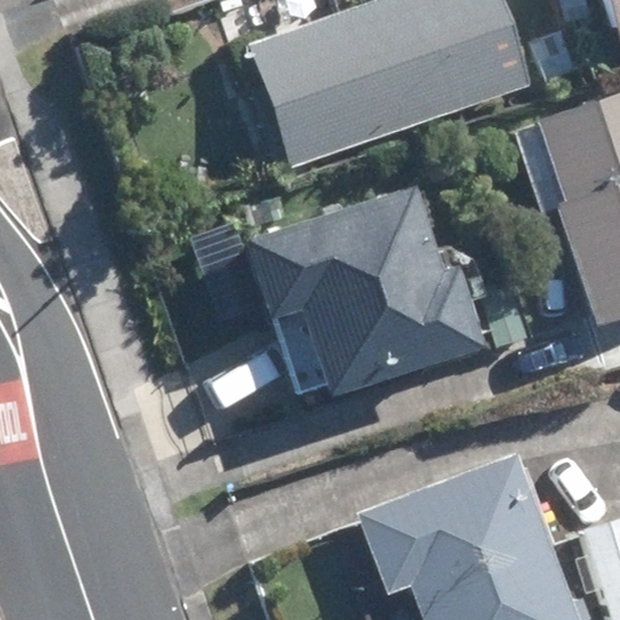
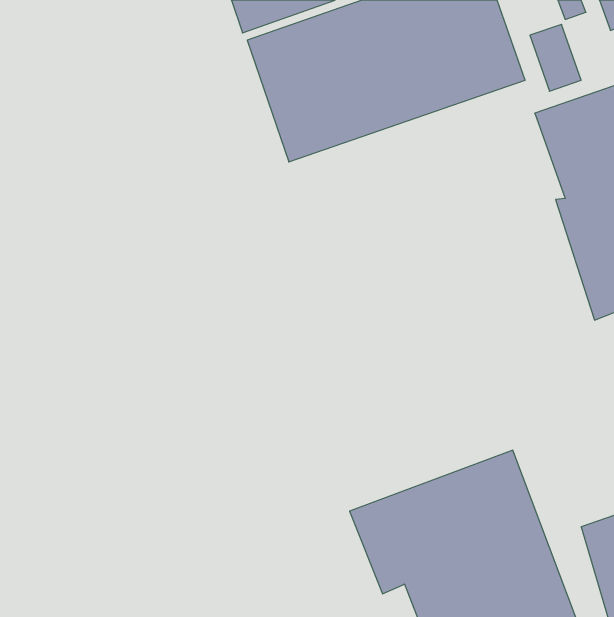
building: [245,180,480,390] -> none

